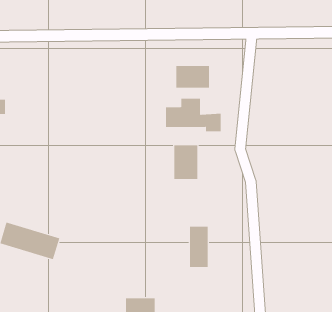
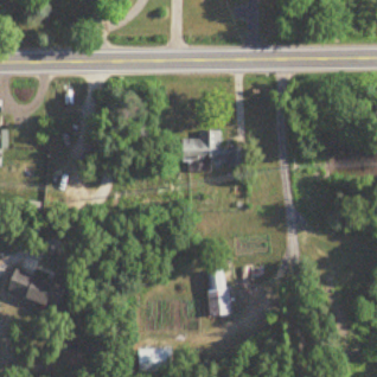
building: [176,65,209,89] -> none
building: [174,144,198,180] -> none

